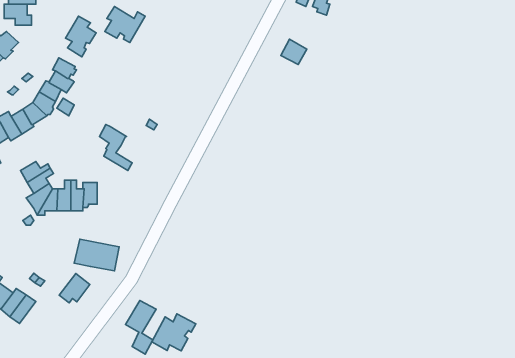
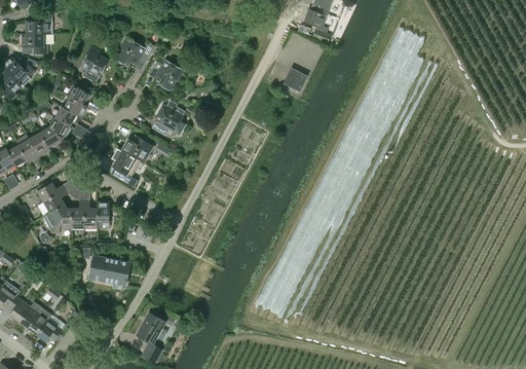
building: none -> [148,61,185,91]
building: none -> [151,104,185,137]
building: none -> [121,136,153,163]
building: [59,273,90,303] -> [36,315,65,342]
building: [152,314,196,351] -> none

